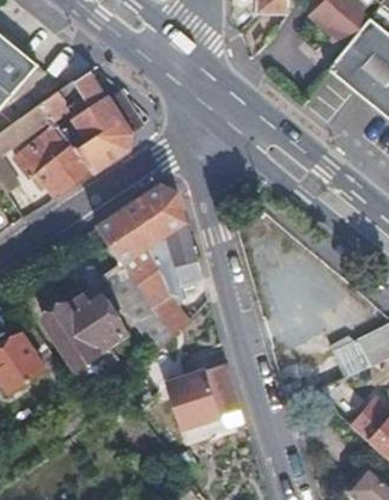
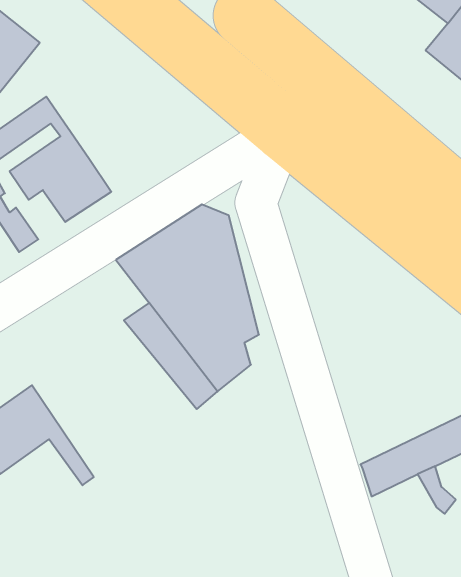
building: [66,74,129,175] -> none
building: [43,283,126,365] -> none
building: [162,365,244,439] -> none

